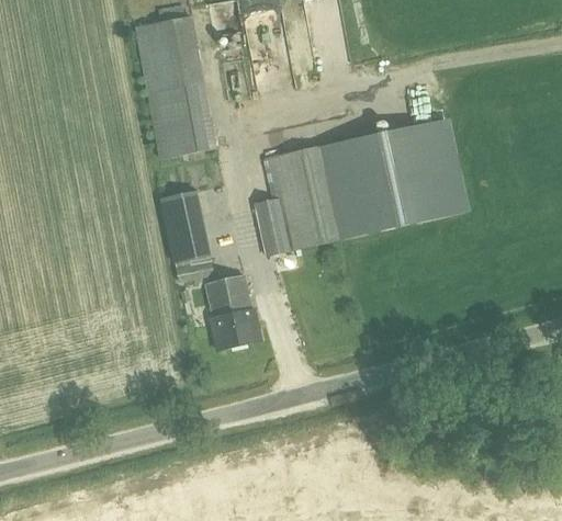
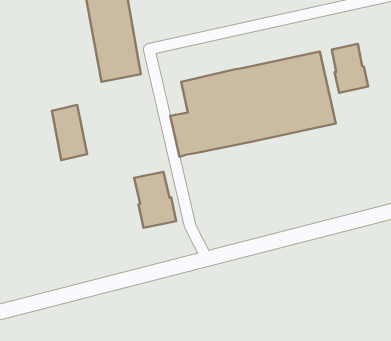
building: none -> [332,44,368,93]
building: [161,191,207,263] -> [52,105,87,160]

